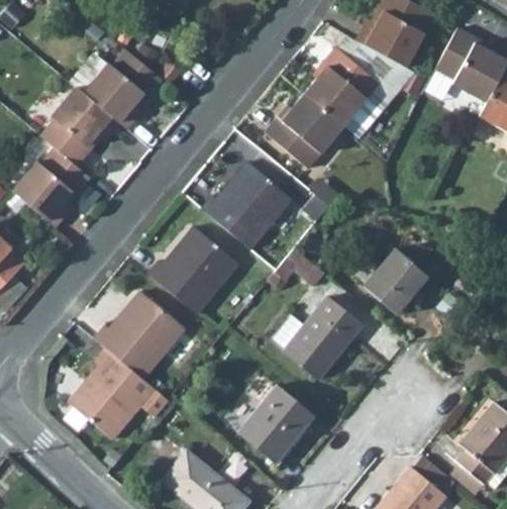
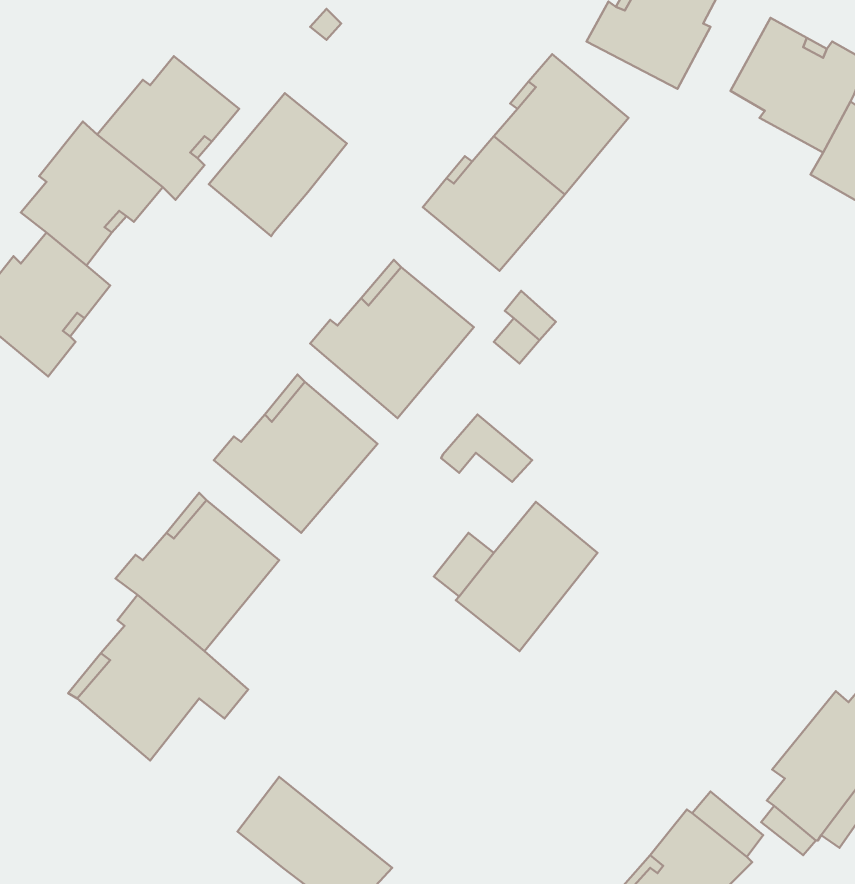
building: none -> [209,93,347,236]
building: [365,249,427,313] -> none
building: [237,385,313,463] -> none

